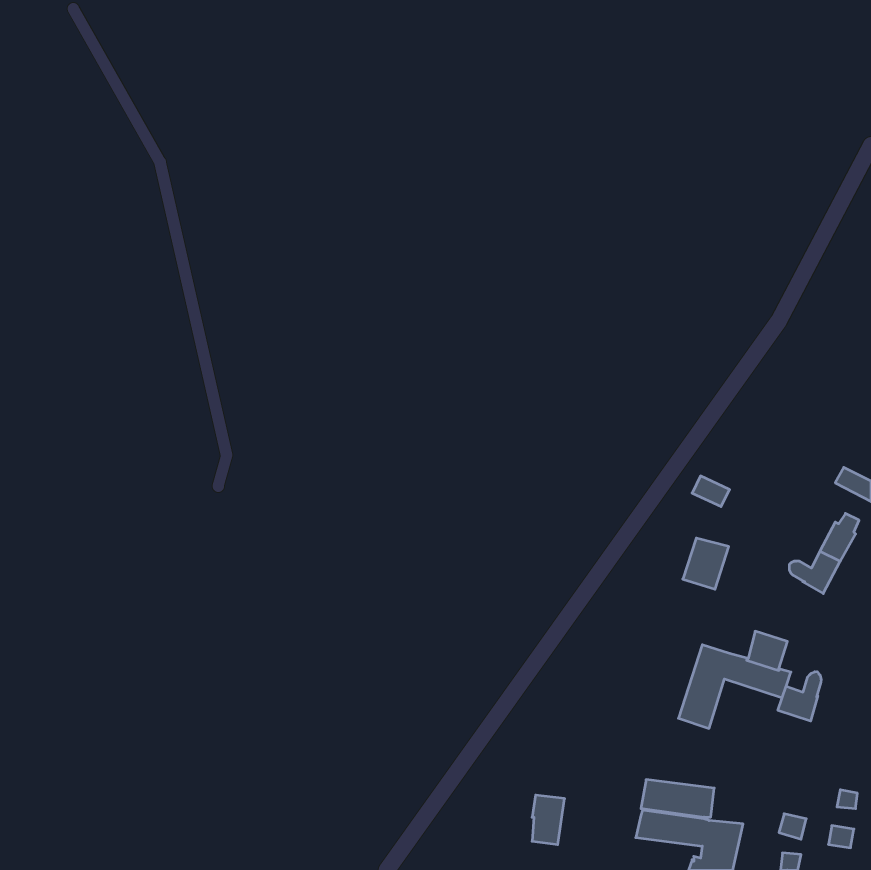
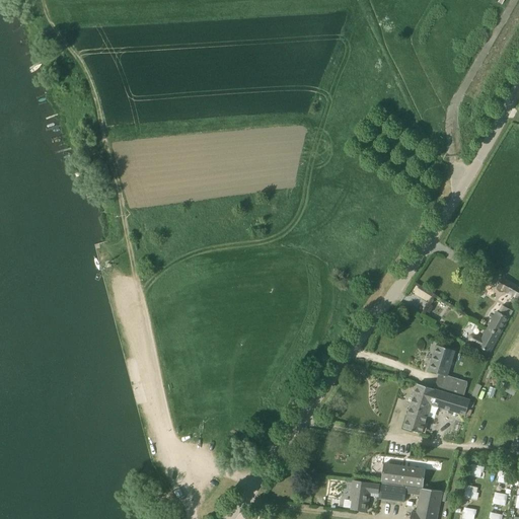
building: [683,538,729,589] -> [428,345,455,375]
building: [778,672,821,721] -> none
building: [532,795,565,845] -> [352,480,371,510]

